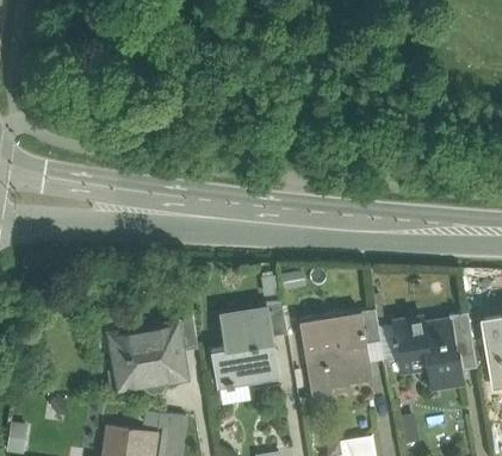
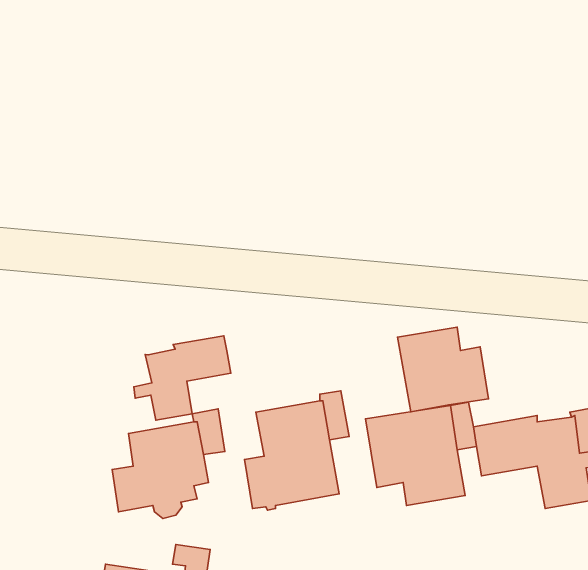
building: none -> [398,327,489,412]
building: none -> [134,336,231,420]

